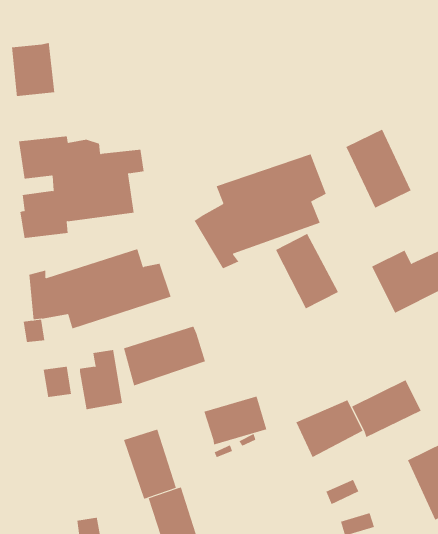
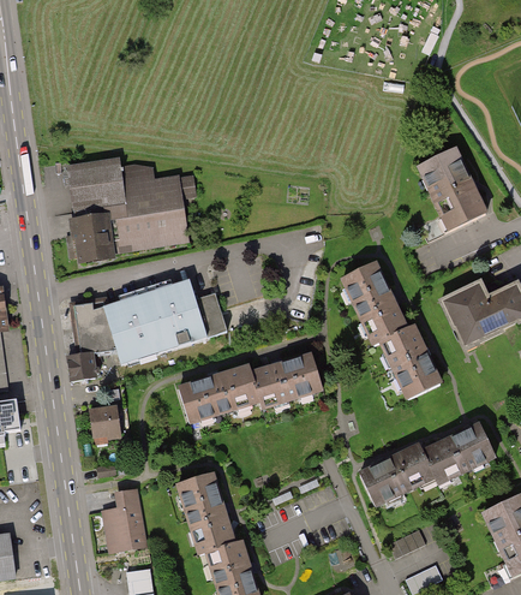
building: [11,42,55,97] -> none
building: [194,153,326,269] -> none
building: none -> [371,322,445,407]
building: [79,350,123,410] -> [102,487,149,552]
building: [204,396,267,445] -> [254,353,323,406]

